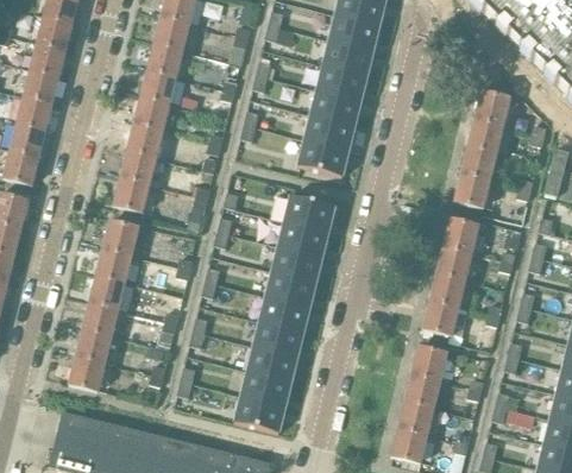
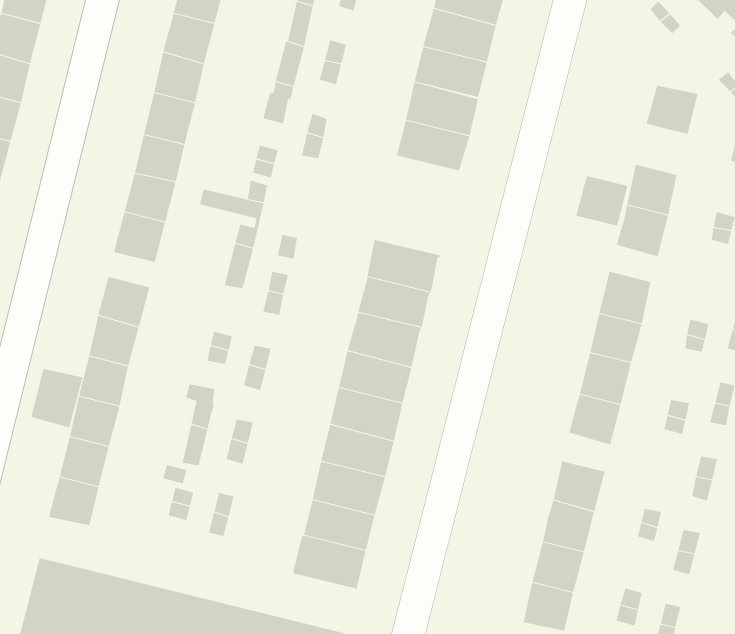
building: [466,118,502,152] -> [575,175,628,226]
building: [297,139,347,177] -> none
building: none -> [31,368,83,428]

